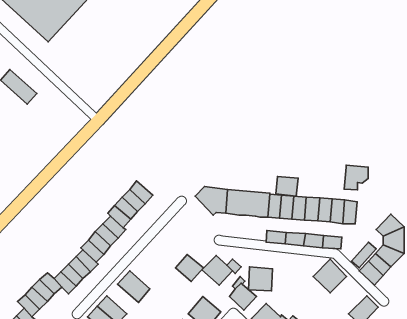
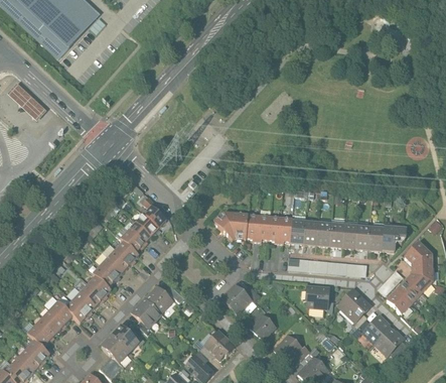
building: [344,165,368,190] -> [381,224,406,250]
building: [276,176,298,196] -> none
building: [176,255,203,281] -> [144,284,173,312]
building: [249,267,273,291] -> [304,283,329,308]
building: none -> [361,312,393,344]

